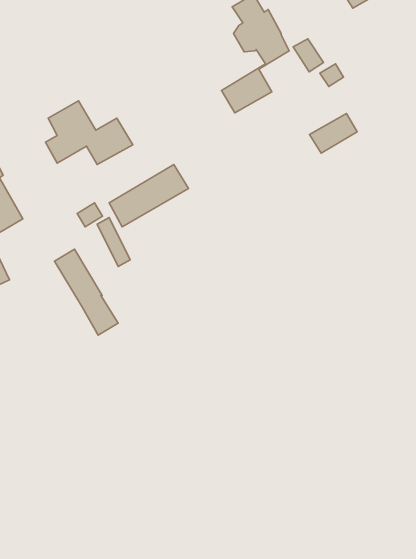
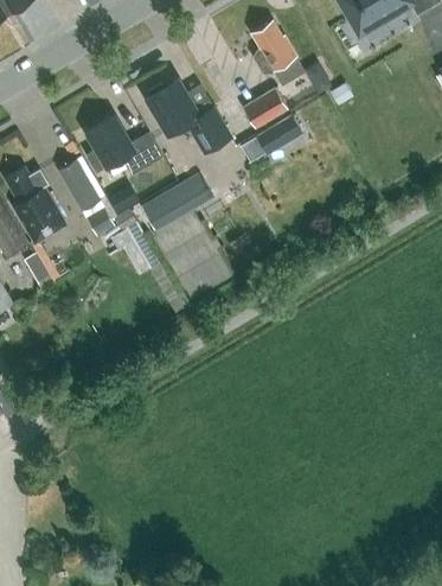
building: none -> [147,79,230,152]
building: [309,113,357,153] -> [257,117,300,153]
building: [55,249,118,335] -> [58,159,115,236]

